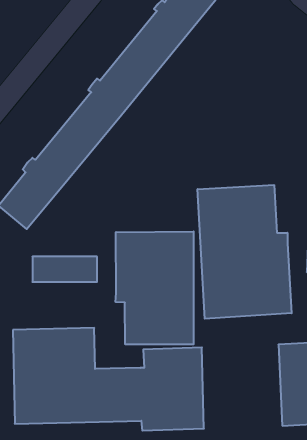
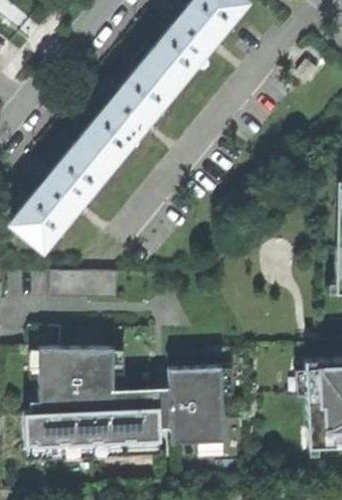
building: [198,185,292,319] -> none
building: [116,231,194,344] -> none

